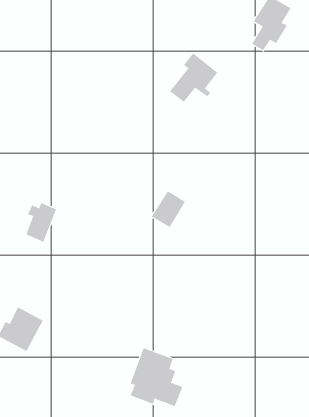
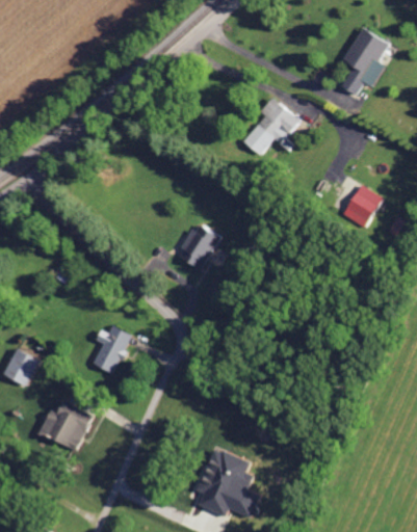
building: none -> [341,184,381,227]
building: [151,190,186,228] -> [177,224,218,269]
building: [25,202,57,242] -> [93,326,130,374]

